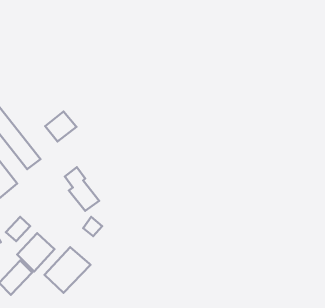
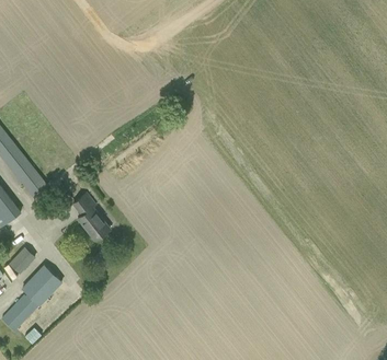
building: [45,111,77,141] -> none
building: [44,247,91,293] -> none

